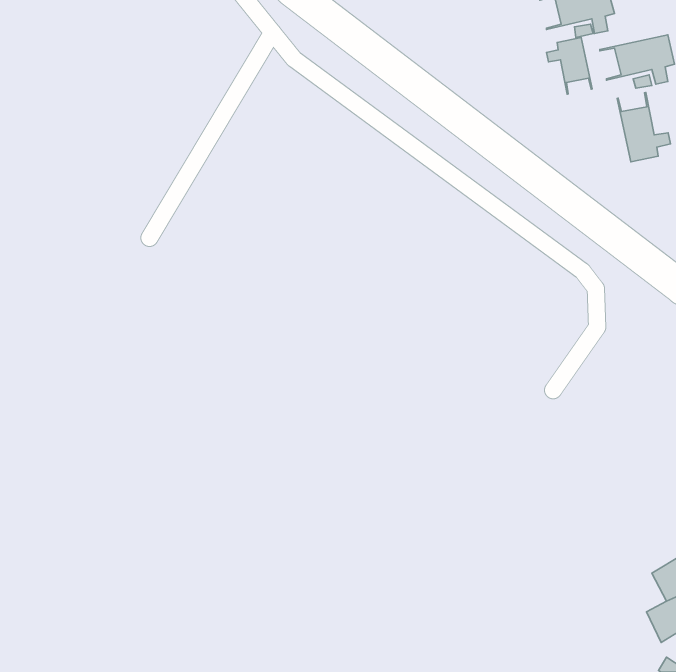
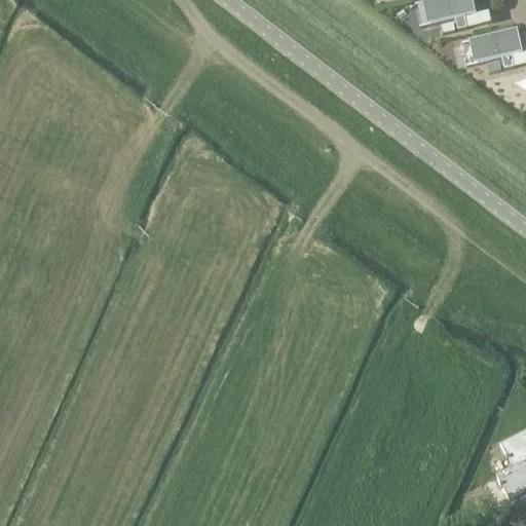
building: [546,38,592,94] -> none
building: [617,92,670,162] -> none

